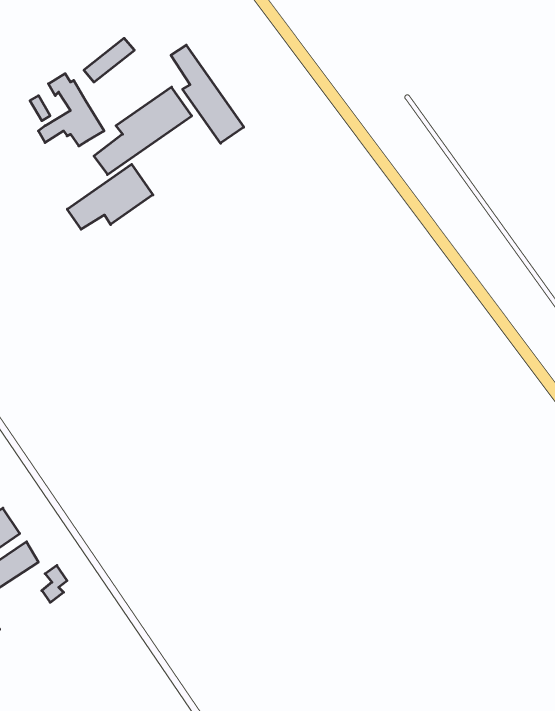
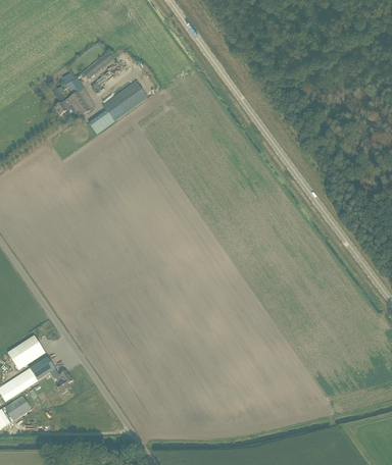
building: [171,45,244,143] -> none
building: [67,164,153,229] -> none

